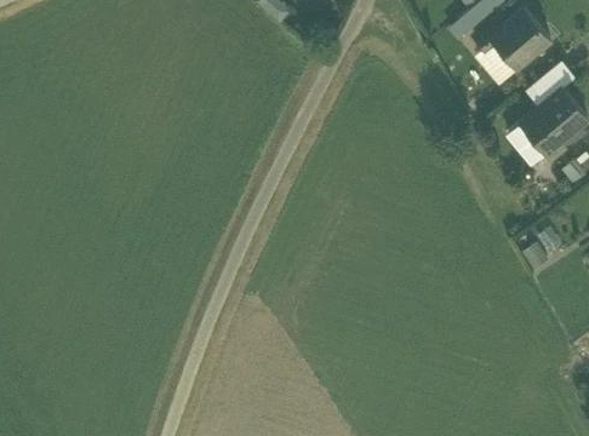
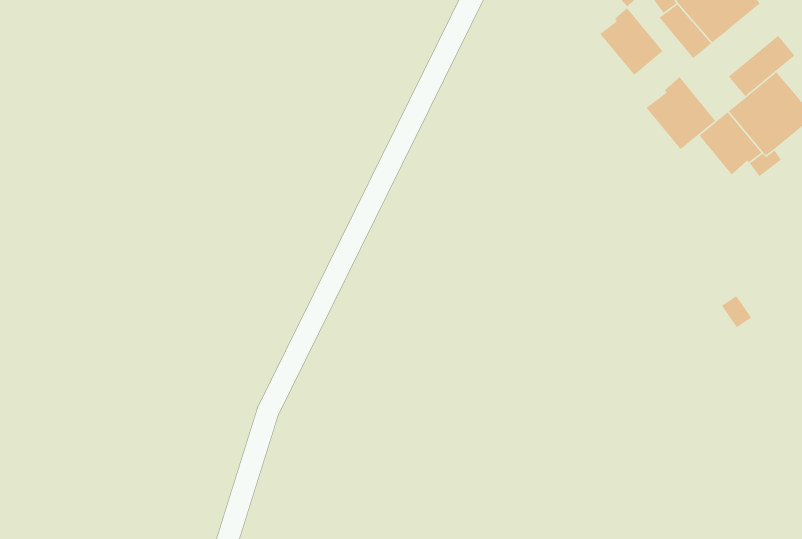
building: none -> [599,7,664,76]
building: none -> [646,76,716,150]

